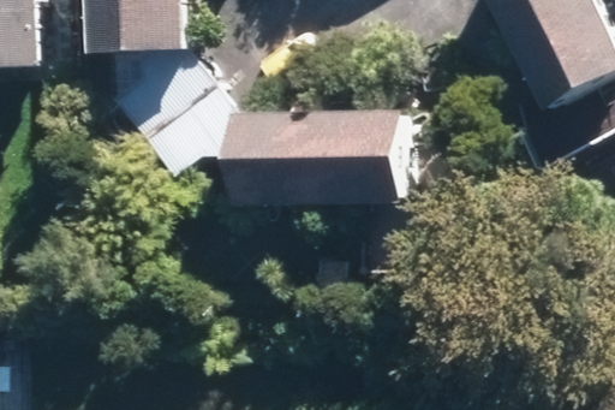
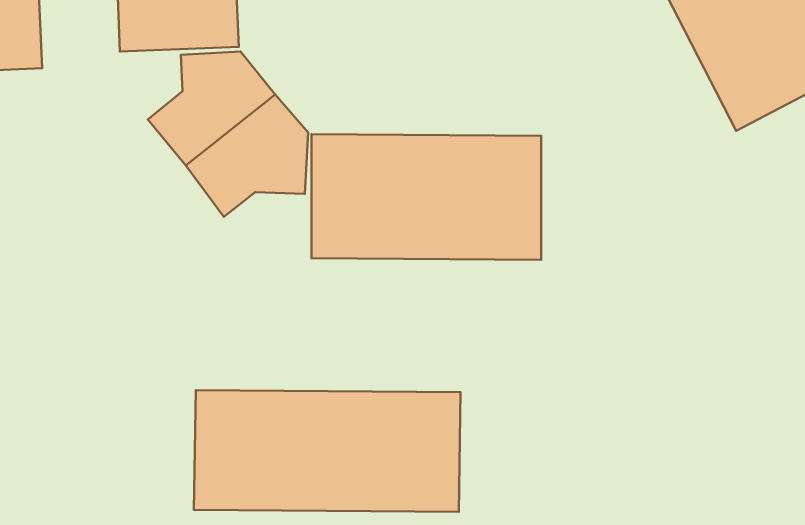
building: none -> [194,390,461,512]

